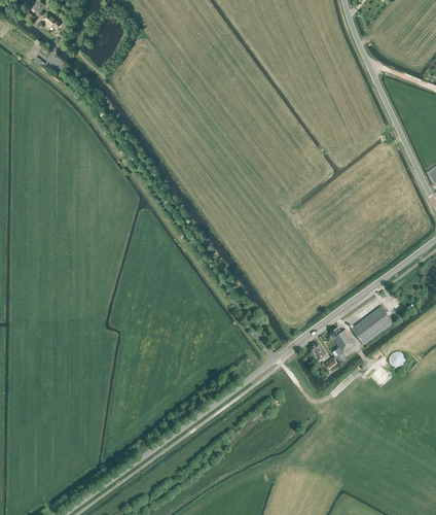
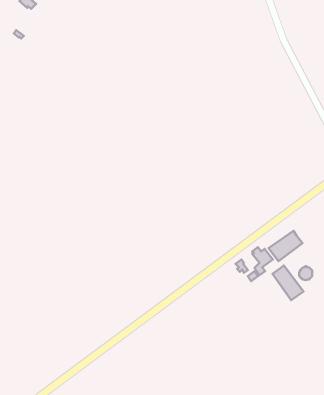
building: none -> [272,265,303,300]

